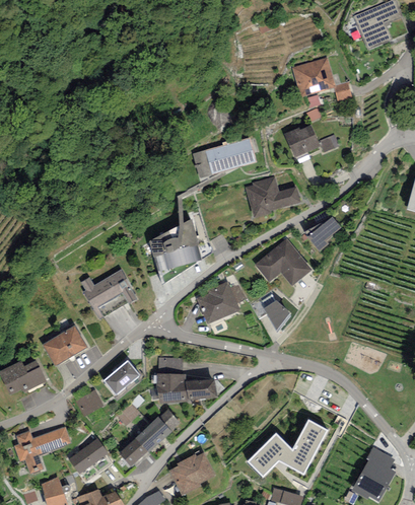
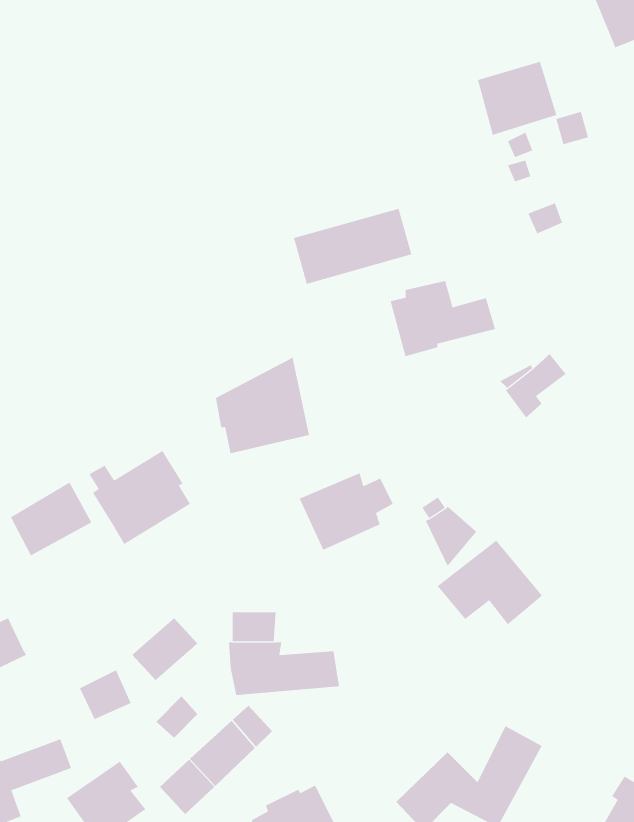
building: [284,125,320,157] -> none
building: [254,238,312,285] -> [437,540,543,625]
building: [43,324,87,365] -> [10,482,92,556]

